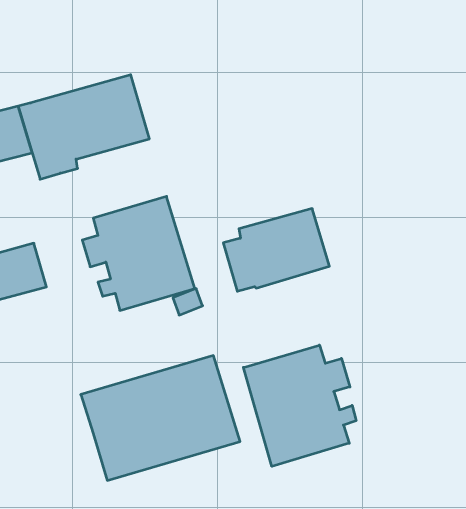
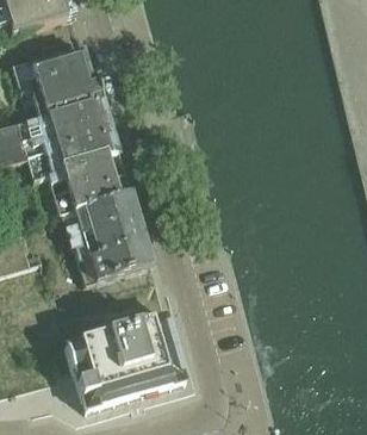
building: none -> [13,48,102,120]
building: [223,209,329,291] -> [49,148,130,211]
building: [243,345,356,466] -> none

